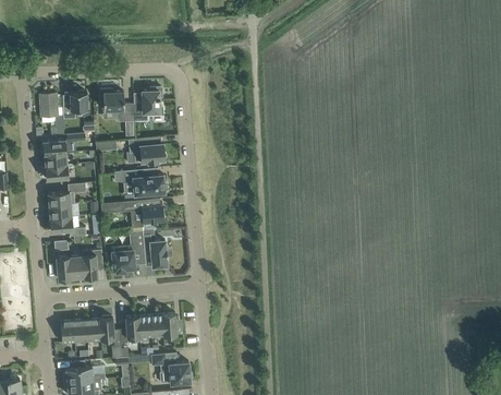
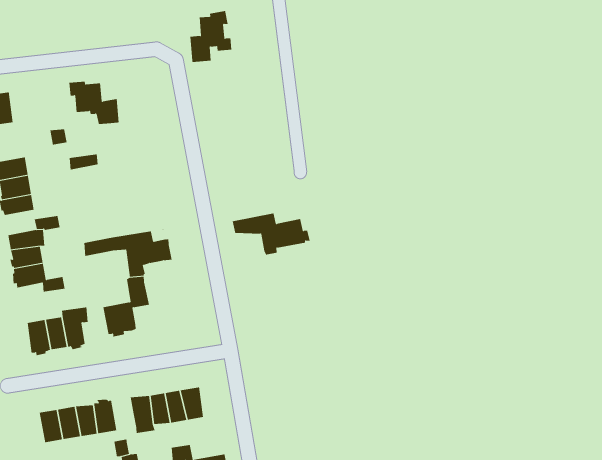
building: [133,86,162,121] -> [190,10,232,62]
building: [62,89,86,118] -> none
building: [126,137,163,161] -> none
building: [112,168,167,197] -> [232,213,310,255]
building: [142,235,166,267] -> none

